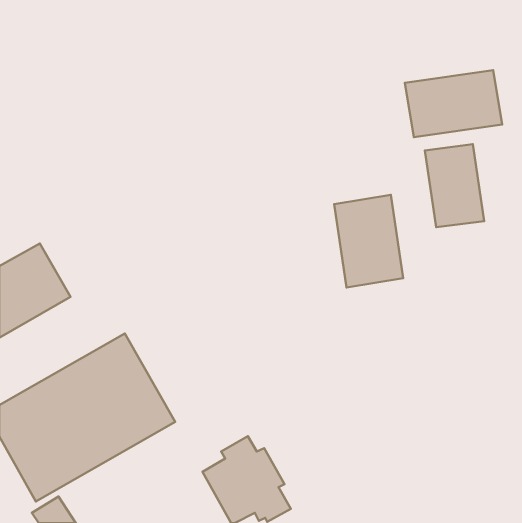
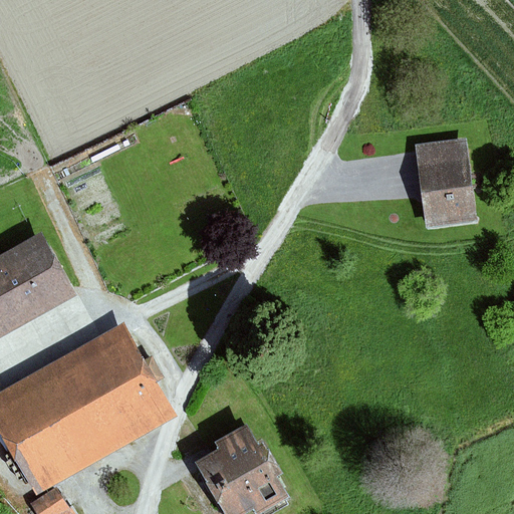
building: [405,70,502,137] -> none
building: [334,195,403,288] -> none

